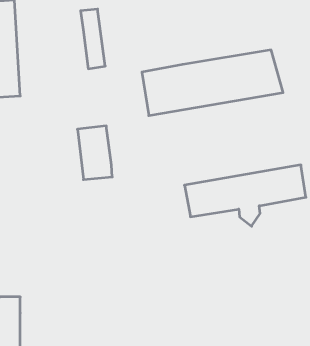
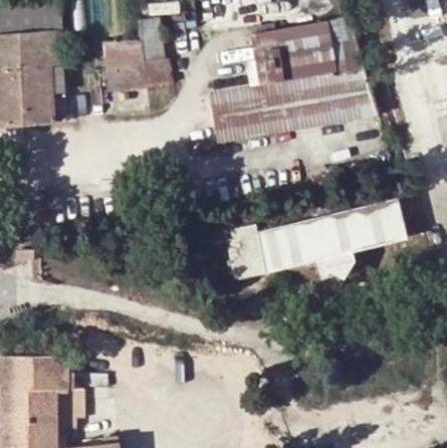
building: none -> [248,17,362,83]
building: [77,126,112,180] -> [105,42,147,105]
building: none -> [225,218,262,270]

